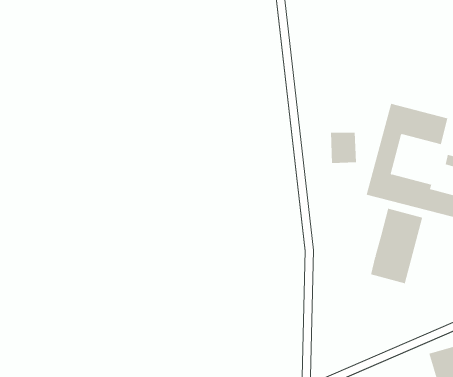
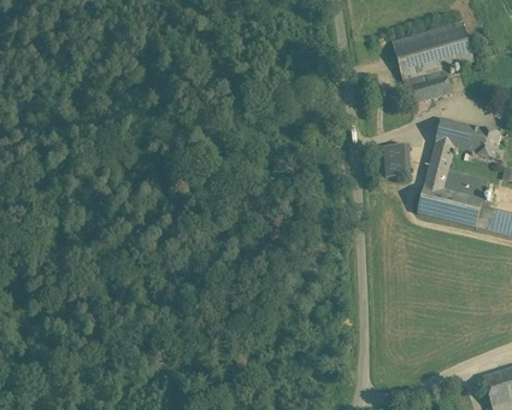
building: none -> [393,19,472,104]
building: [370,208,423,284] -> none

